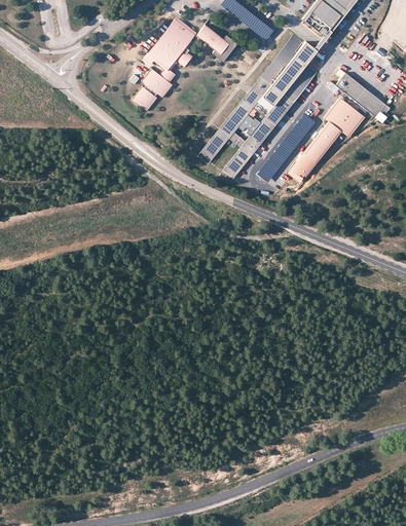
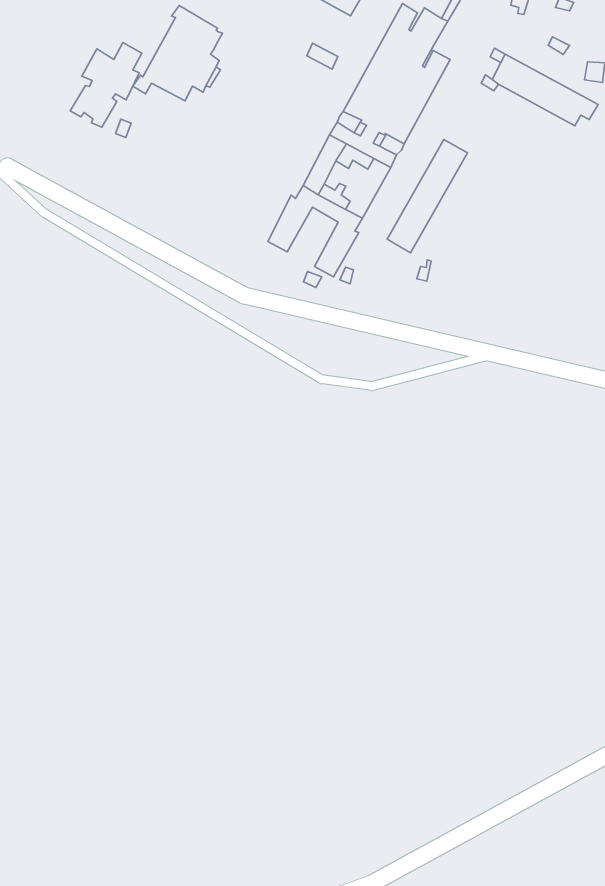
building: [192,25,236,61] -> none
building: [132,67,175,110] -> [70,43,142,127]
building: [291,98,364,179] -> none

